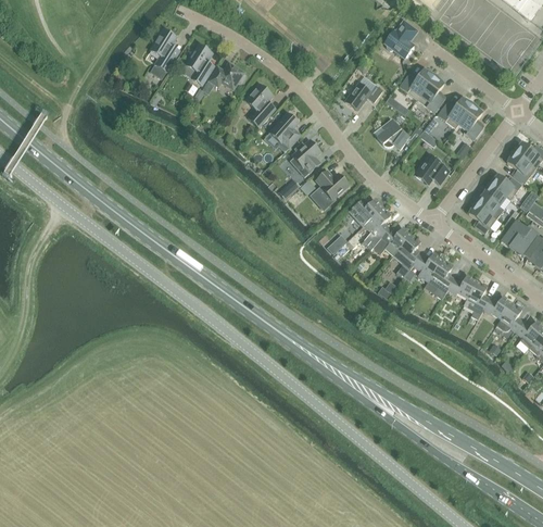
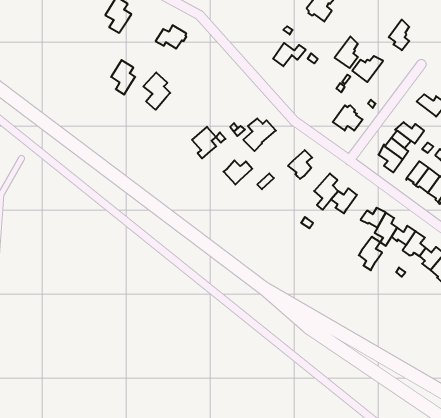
building: [186,45,214,85] -> [111,60,135,95]
building: [400,68,435,100] -> none
building: [244,84,276,127] -> [143,72,170,110]
building: [458,103,482,139] -> [389,20,409,50]
building: [269,112,299,148] -> none
building: [377,118,409,149] -> none
building: [292,139,320,176] -> [192,127,216,158]
building: [507,151,535,184] -> none
building: [349,198,382,226] -> [223,160,252,185]
building: [372,227,412,255] -> none
building: [428,260,455,299] -> [359,237,382,270]

